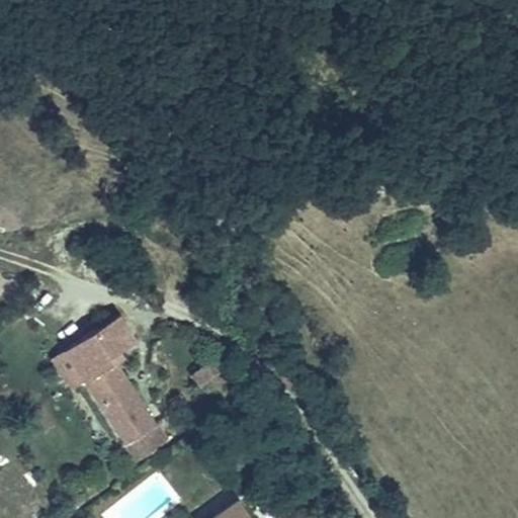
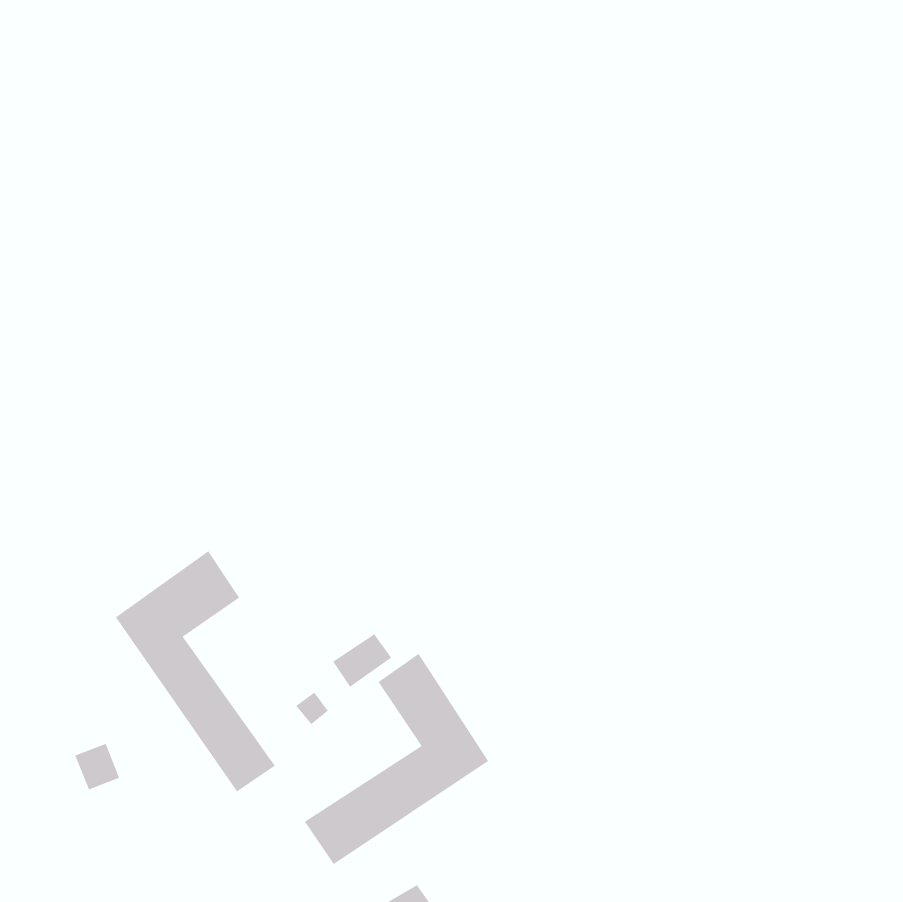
building: none -> [304,653,489,865]

